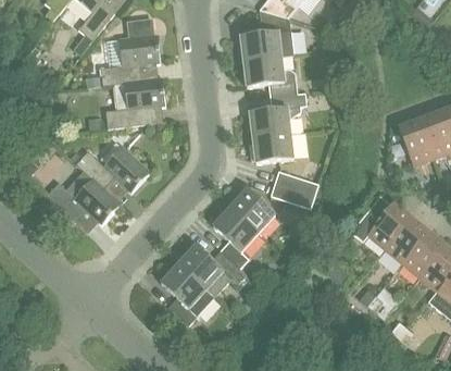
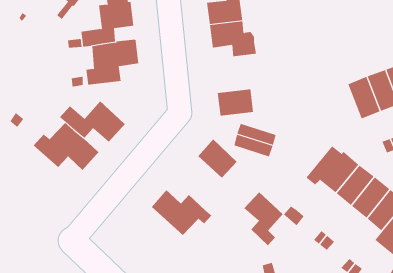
building: [250,92,306,137] -> none
building: [213,208,258,269] -> [244,192,284,246]
building: [161,264,214,325] -> none

